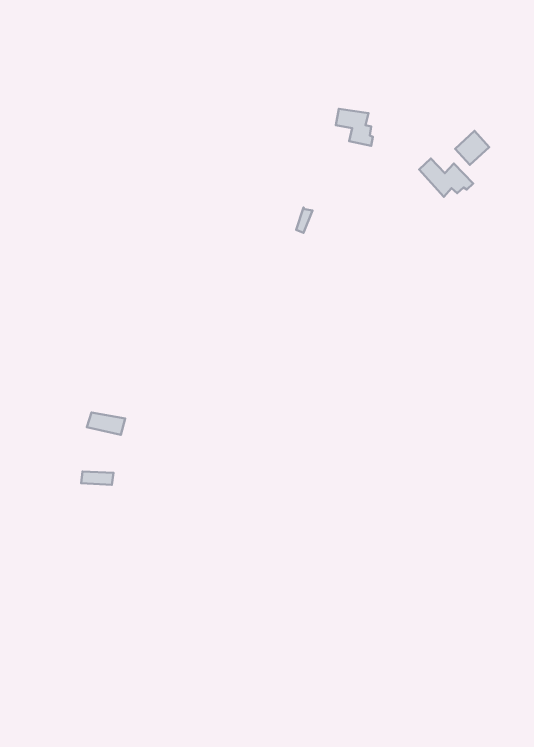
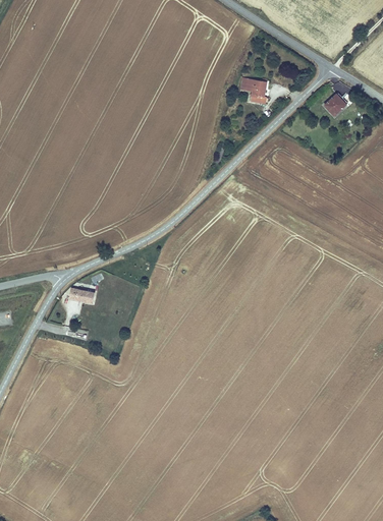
building: [419,158,473,197] -> none

